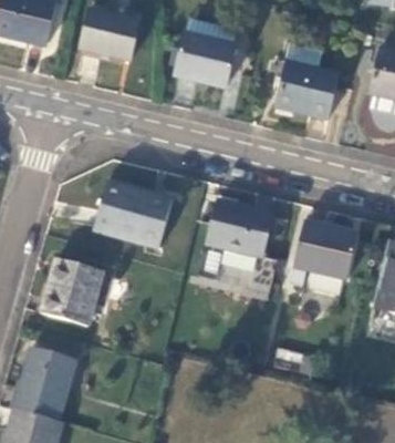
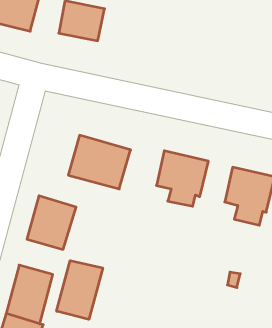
building: [171,31,236,90] -> none
building: [274,45,339,119] -> none
building: none -> [57,261,103,319]

